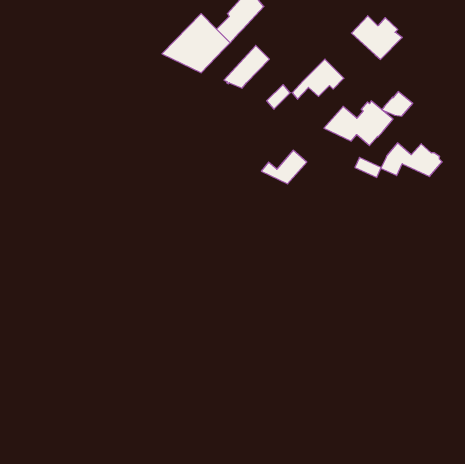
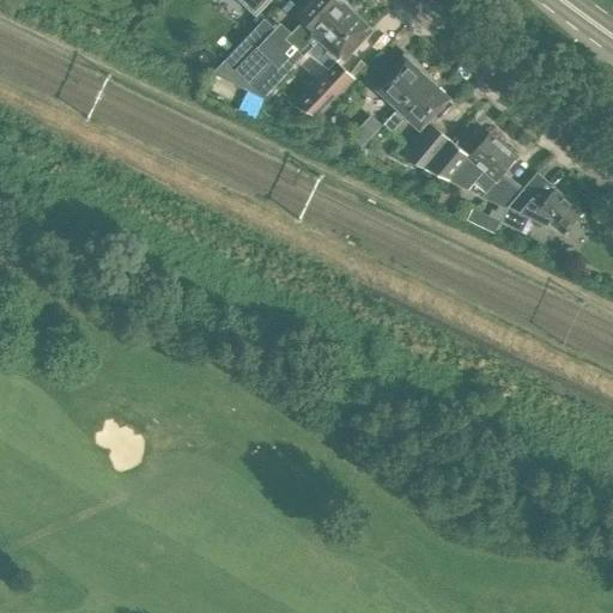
building: none -> [320,8,369,57]
building: [351,16,402,59] -> [360,49,427,107]
building: [382,92,413,116] -> [482,172,523,205]
building: [261,150,307,184] -> [392,125,451,169]

